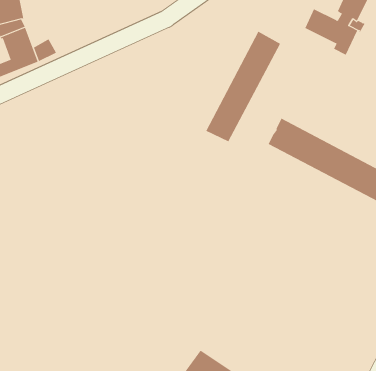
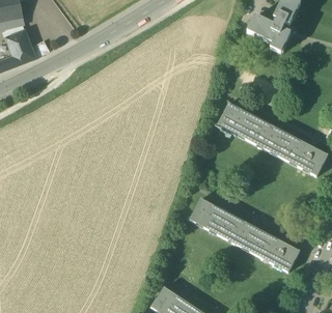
building: [205,31,281,142] -> none
building: none -> [190,198,299,272]

